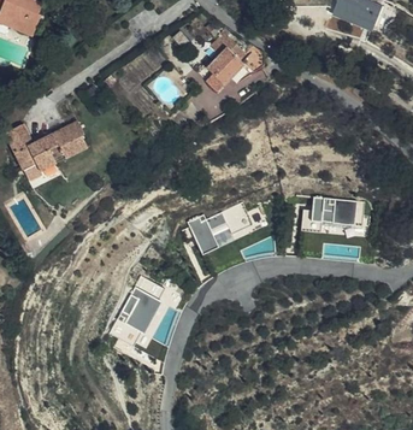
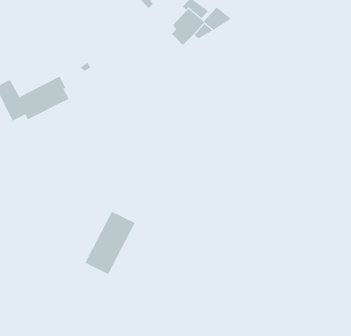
building: [311,196,364,225] -> none
building: [187,202,266,254] -> none

